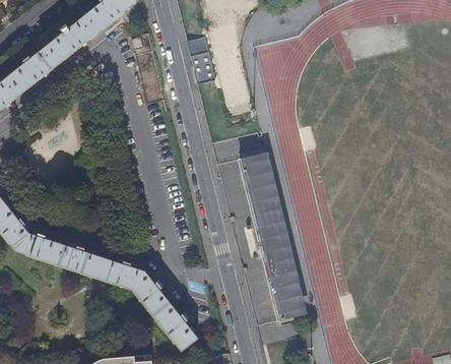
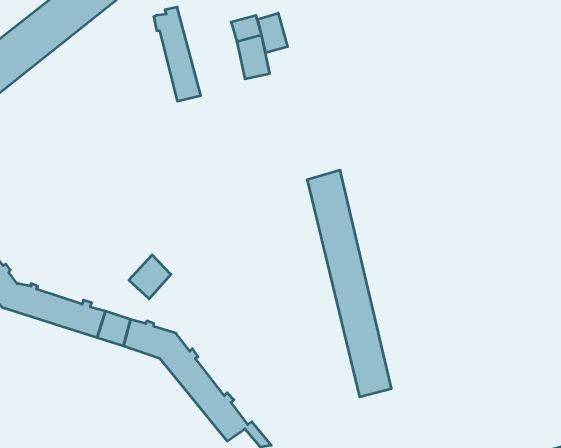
building: none -> [258,13,288,53]
building: none -> [129,255,171,299]

